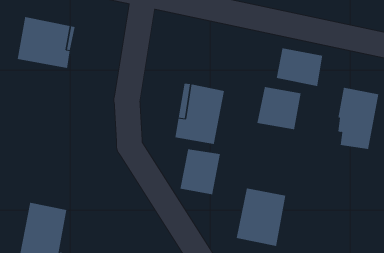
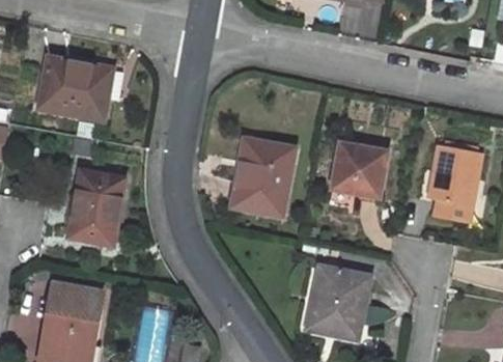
building: [276,48,323,87] -> none
building: none -> [67,169,122,244]
building: [180,148,221,195] -> none

